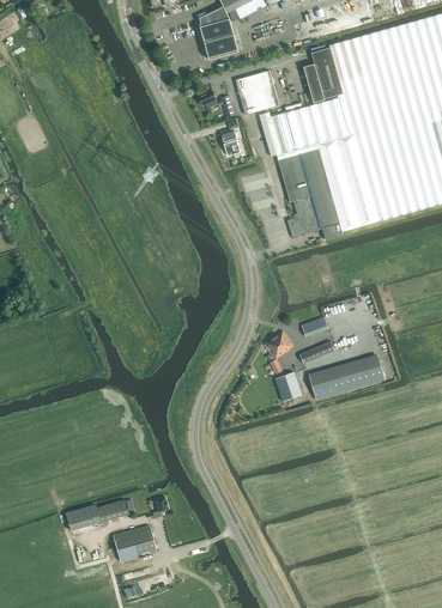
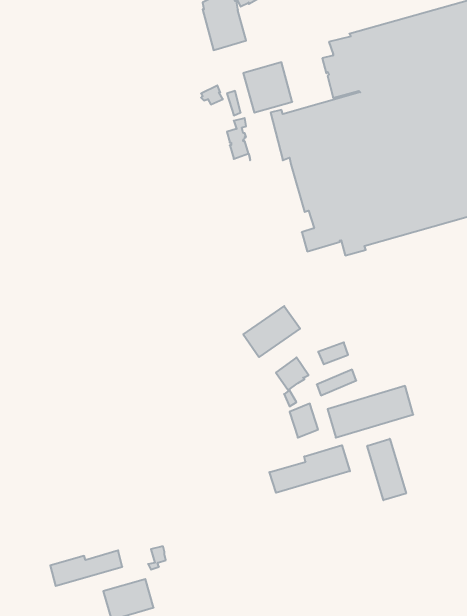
building: none -> [243,306,300,357]
building: none -> [367,439,406,500]
building: none -> [269,445,350,493]

